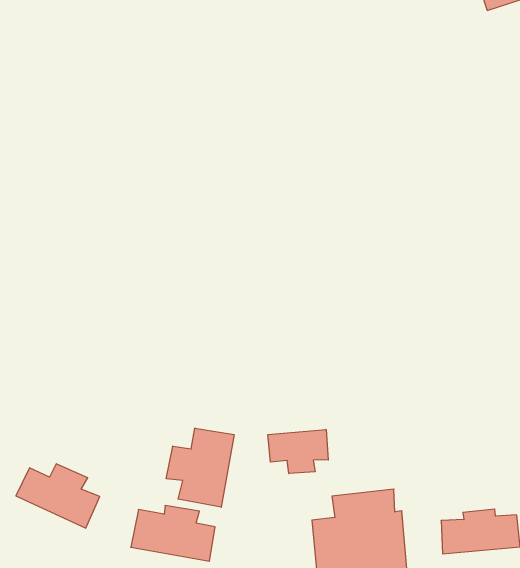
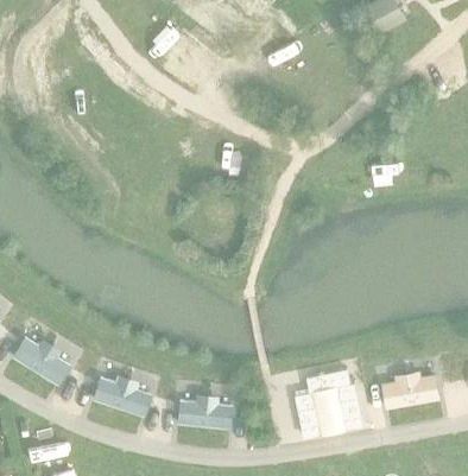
building: [166,428,234,507] -> none
building: [268,429,328,474] -> none

